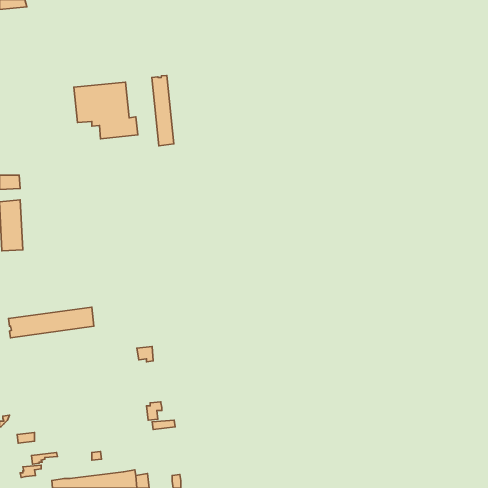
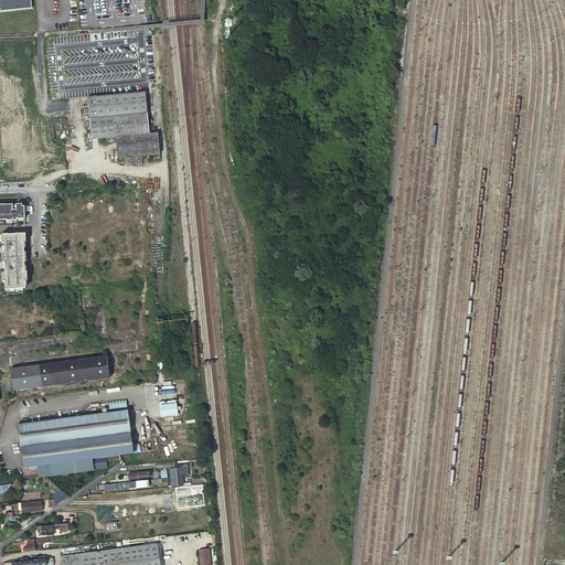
building: [152,75,174,146] -> none
building: none -> [17,409,132,475]

